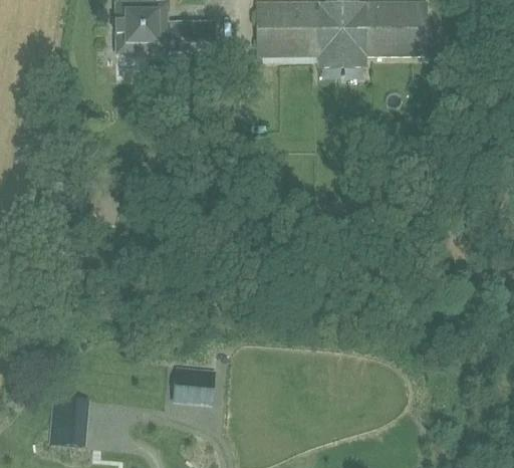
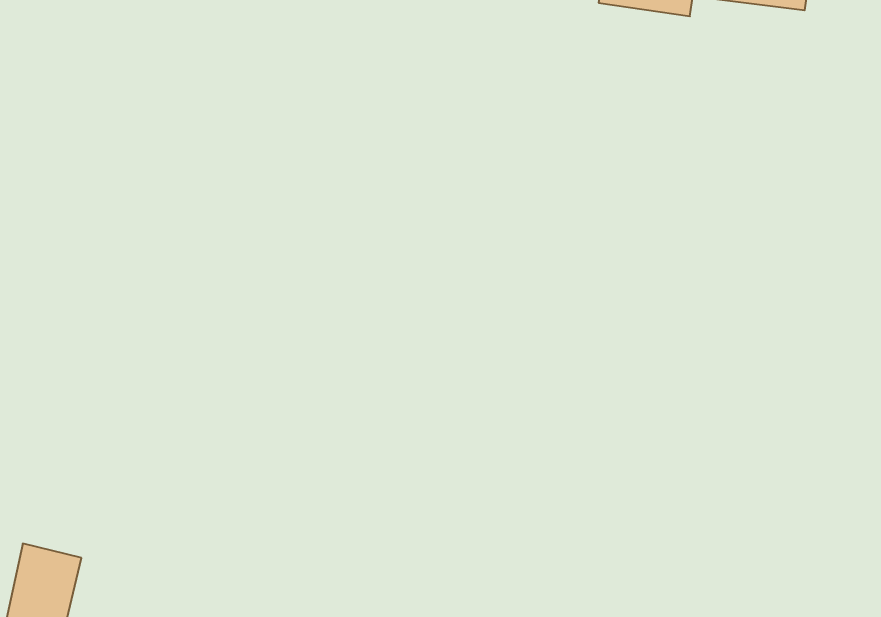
building: [174,372,214,402] -> none

